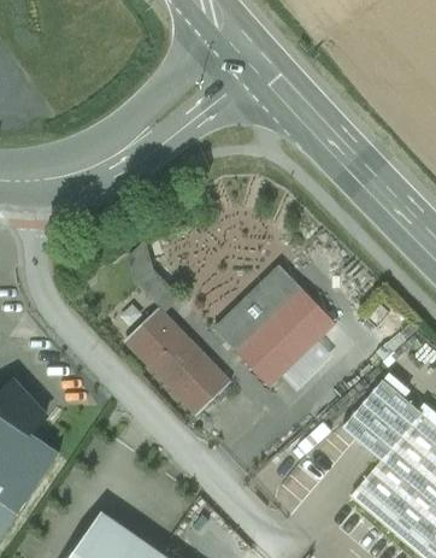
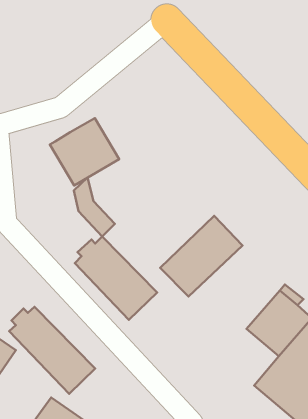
building: none -> [50,118,119,185]
building: [214,266,301,352] -> none
building: none -> [9,307,95,394]

